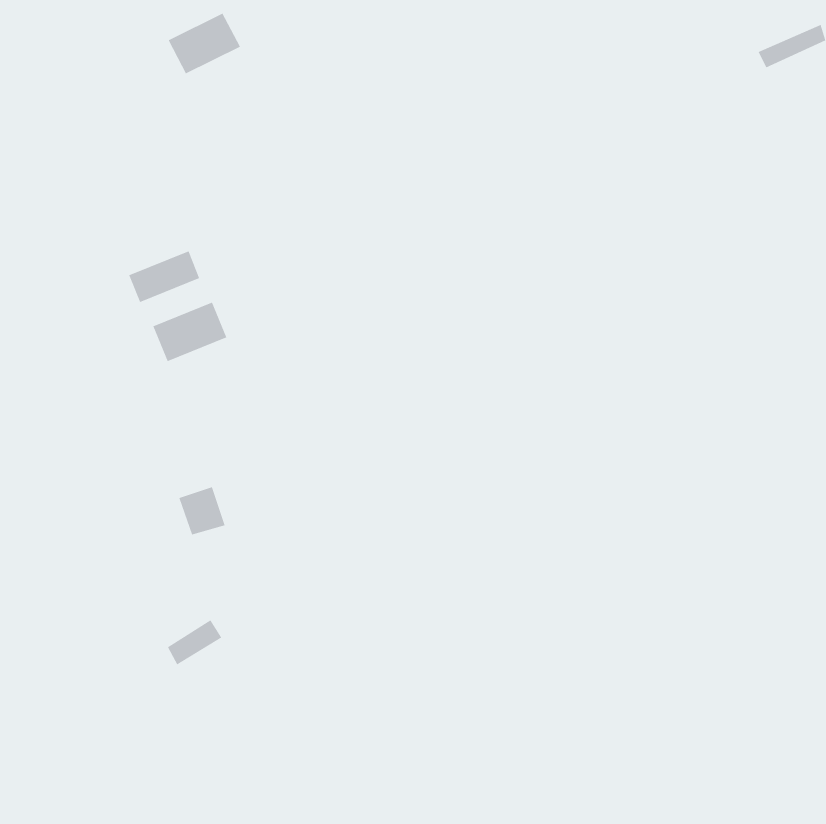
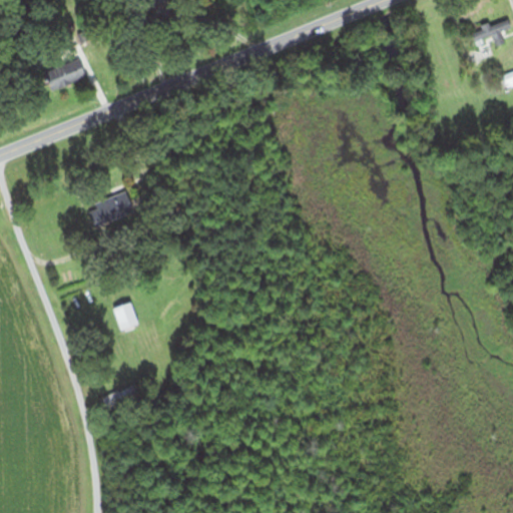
building: [168,13,241,74] -> [42,55,87,93]
building: [129,250,200,303] -> none

